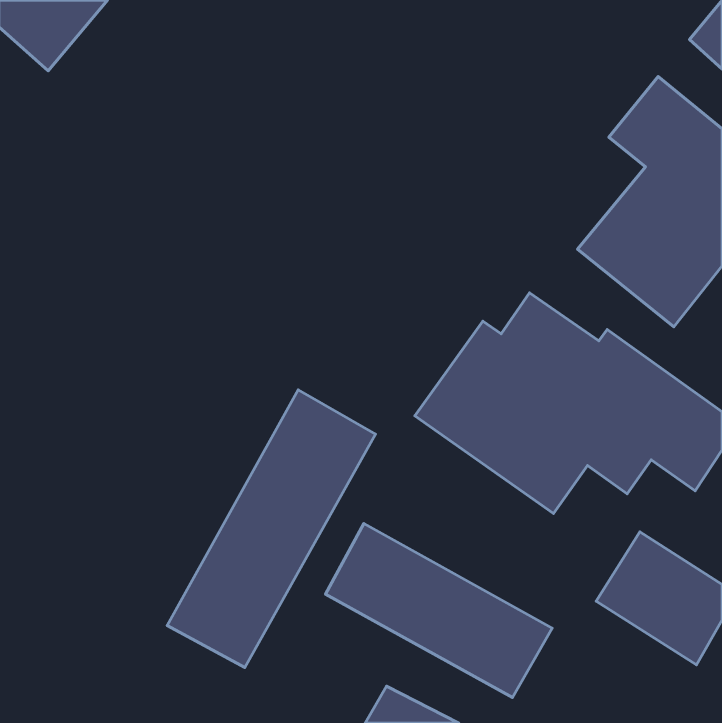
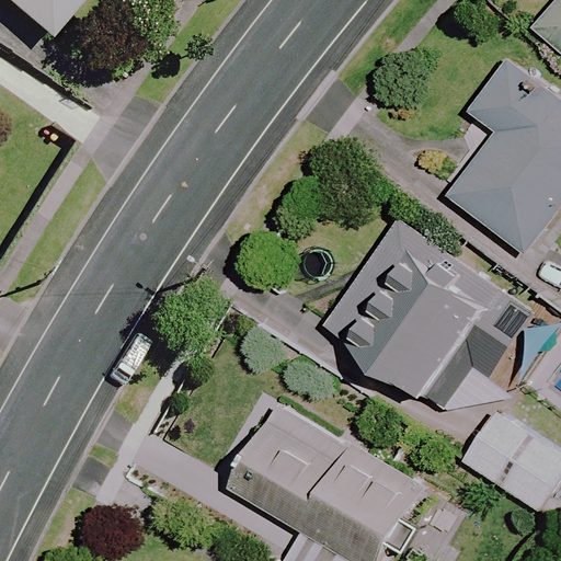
building: [167,390,375,668] -> none

